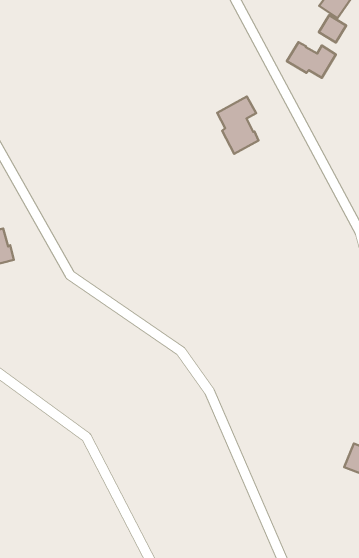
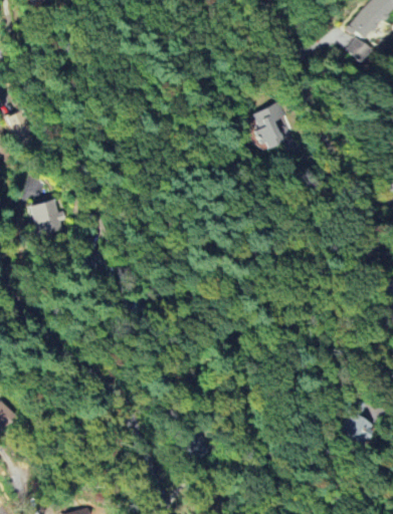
building: [287,42,336,78] -> none

